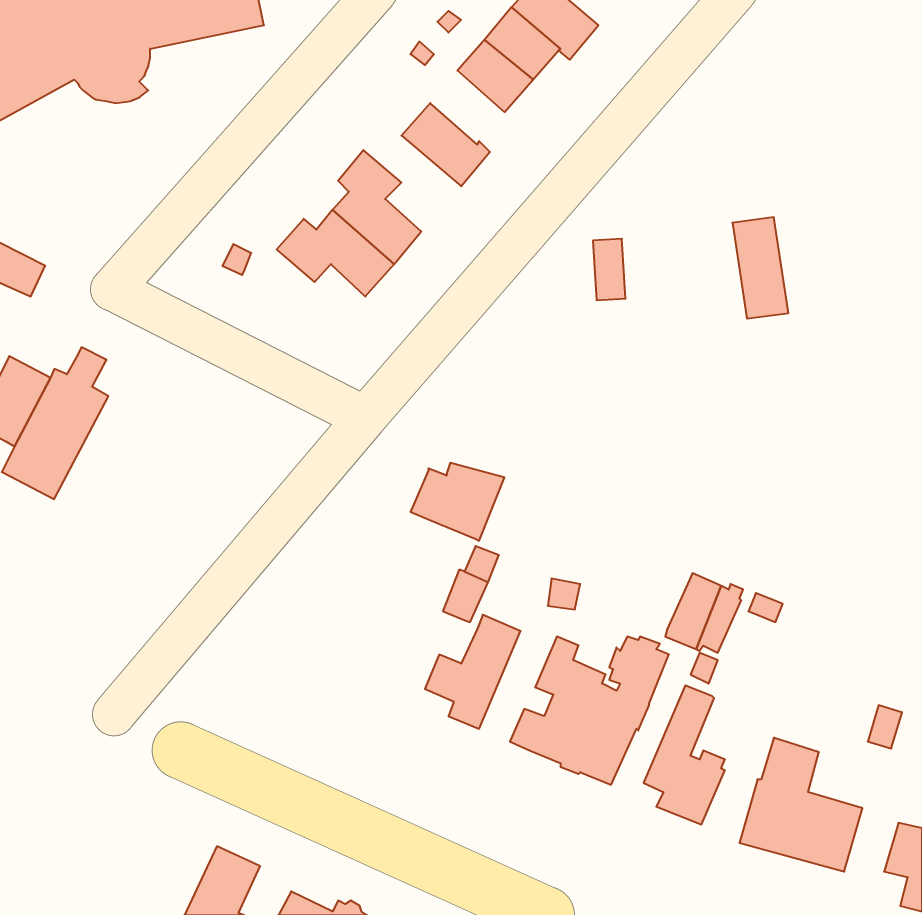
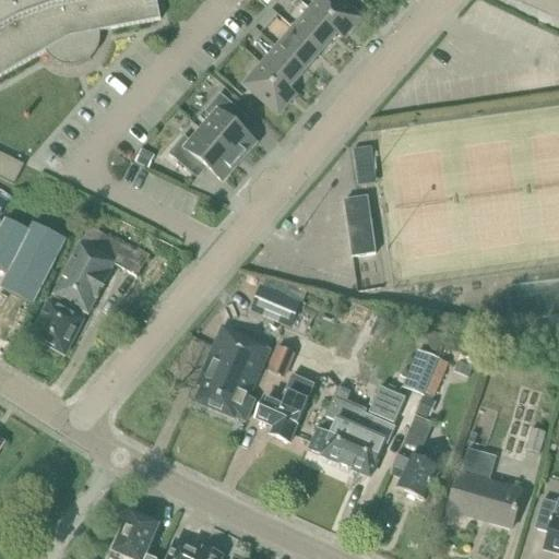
building: none -> [260,43,305,87]
building: [732,217,788,319] -> [343,193,377,254]
building: none -> [32,226,148,352]
building: none -> [194,324,270,419]

